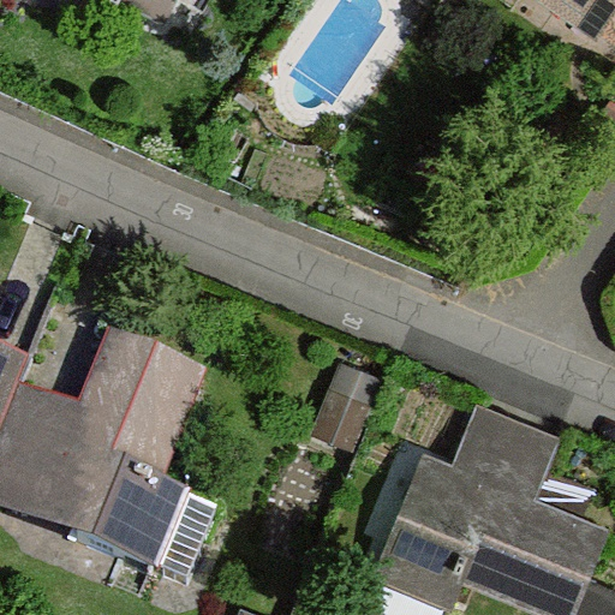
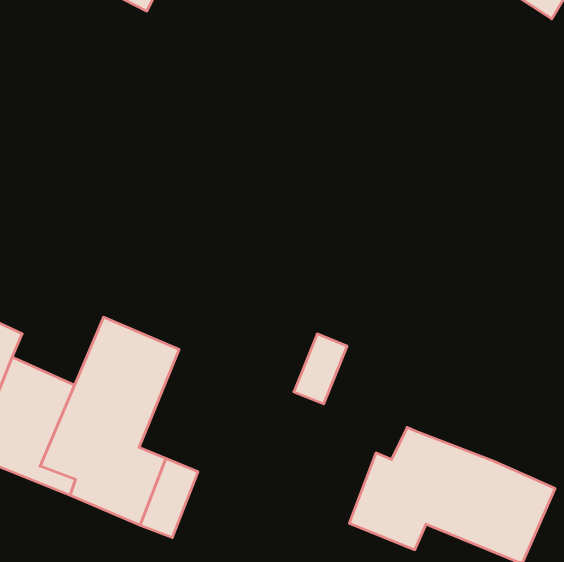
building: [450,404,560,498] -> none

